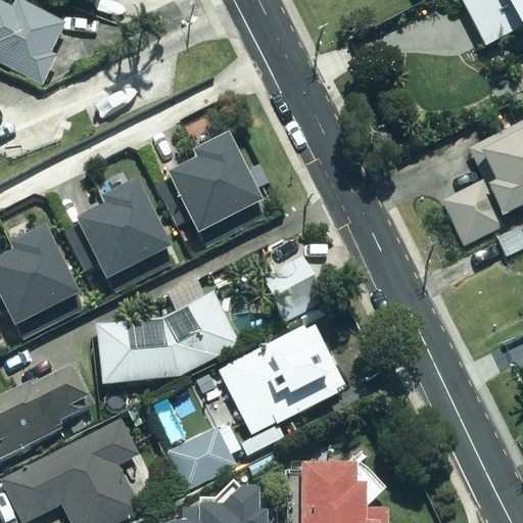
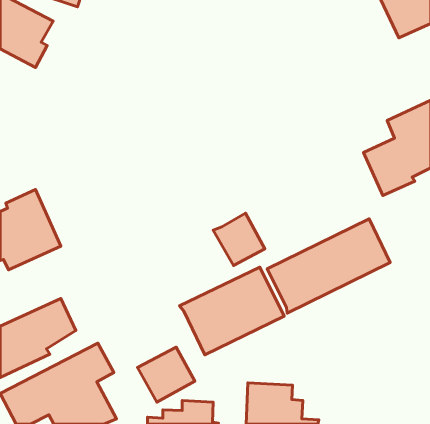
building: [159,135,263,238] -> none
building: [63,183,167,279] -> none
building: none -> [267,219,390,313]
building: [95,294,240,382] -> none

